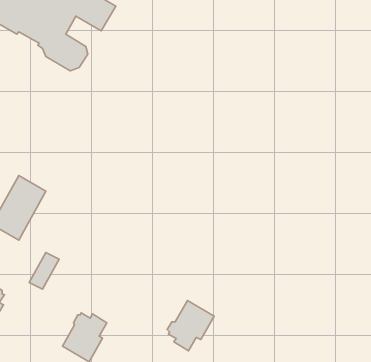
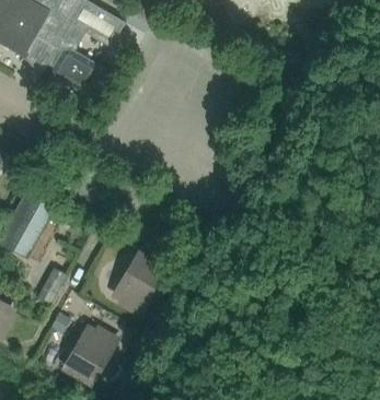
building: [167,301,214,351] -> [114,261,160,310]

